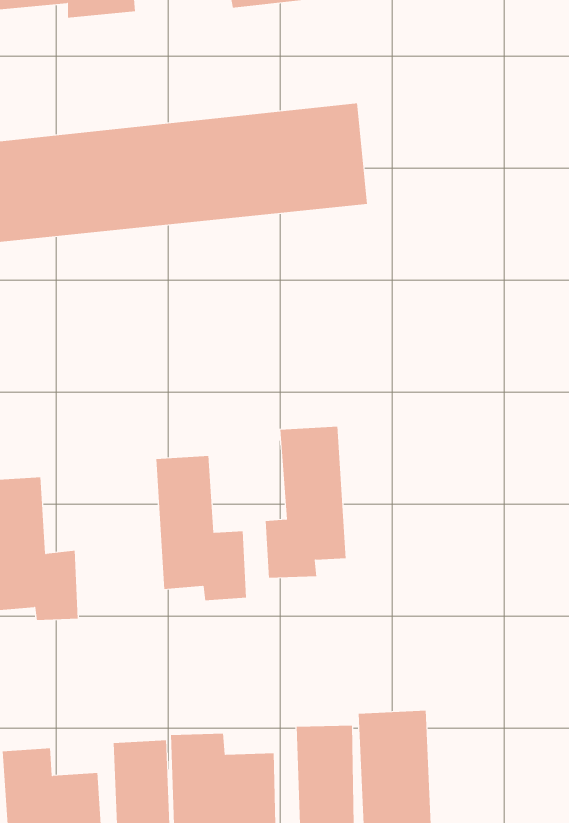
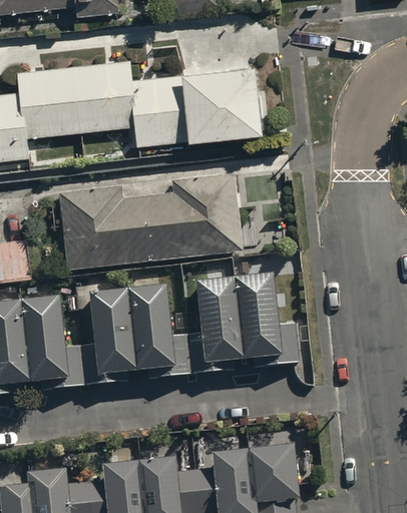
building: none -> [60,173,240,272]
building: none -> [245,267,301,356]
building: none -> [80,290,130,383]

